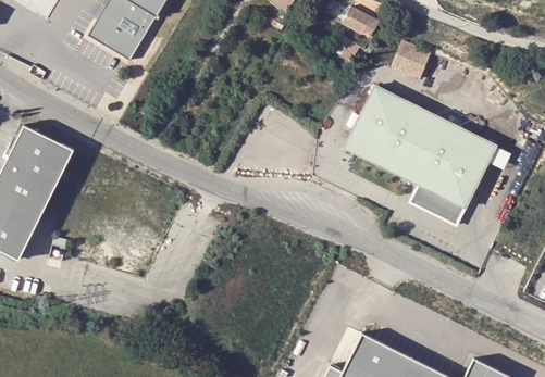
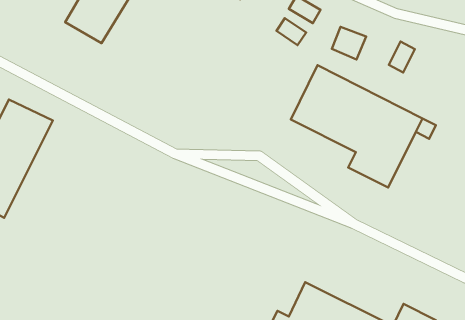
building: none -> [389,42,415,72]

